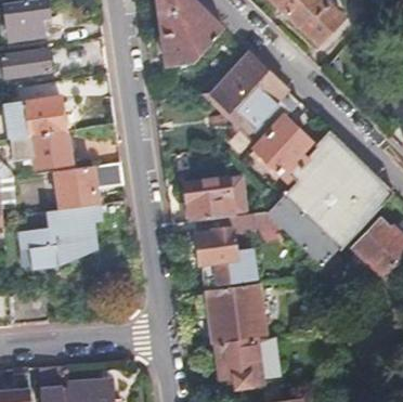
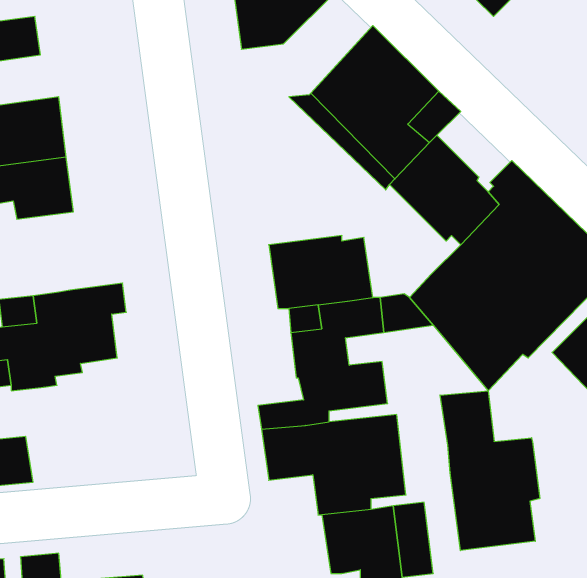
building: [55,164,124,210] -> none
building: none -> [440,391,540,551]

